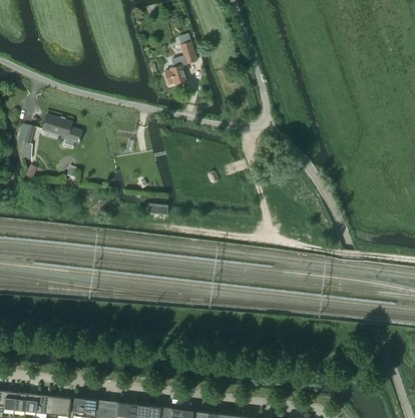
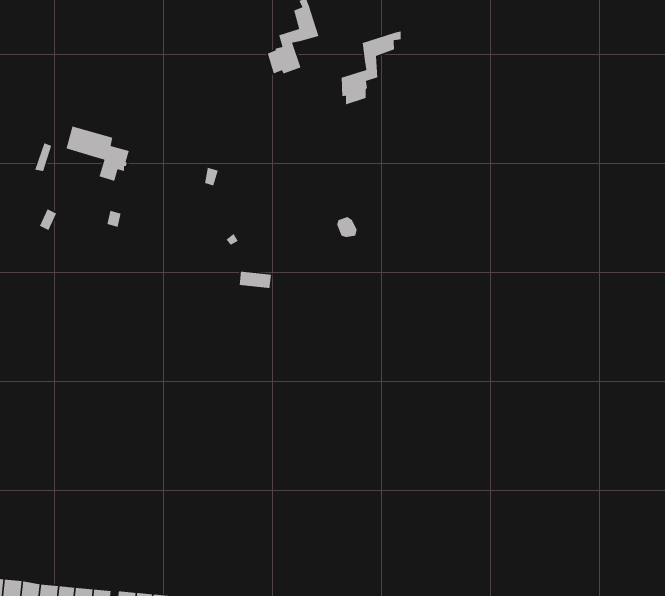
building: none -> [341,30,402,106]

